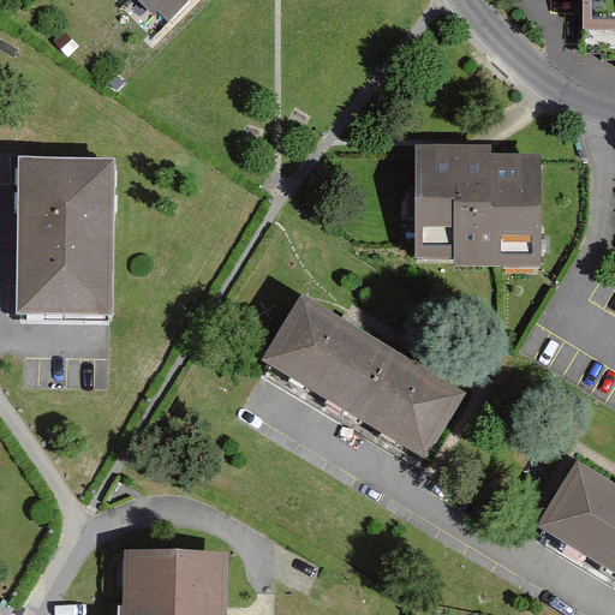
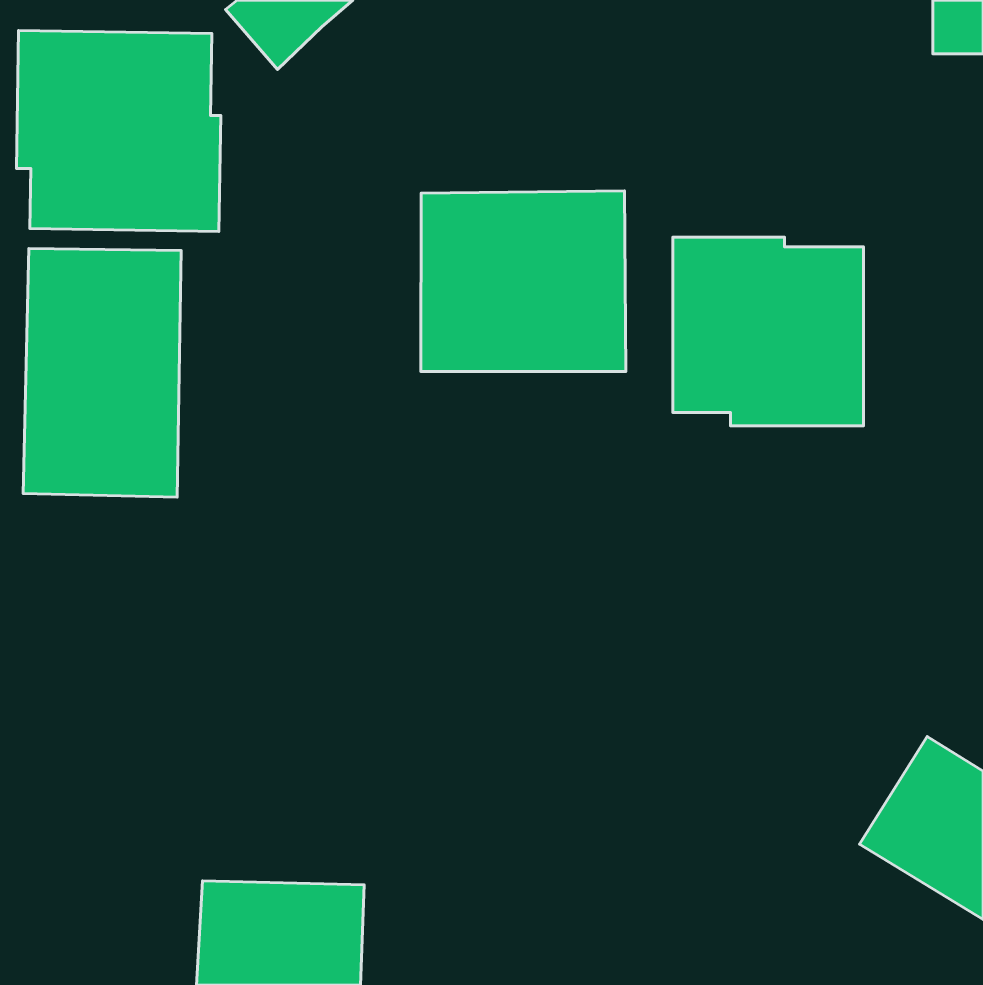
building: none -> [16,31,221,231]
building: none -> [421,191,626,371]
building: [261,292,466,456] -> none

